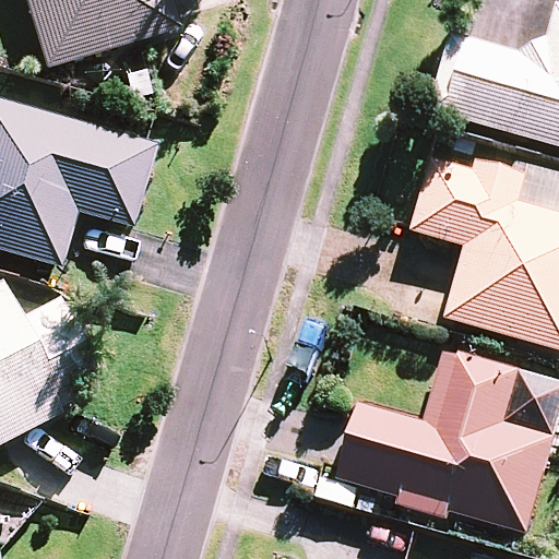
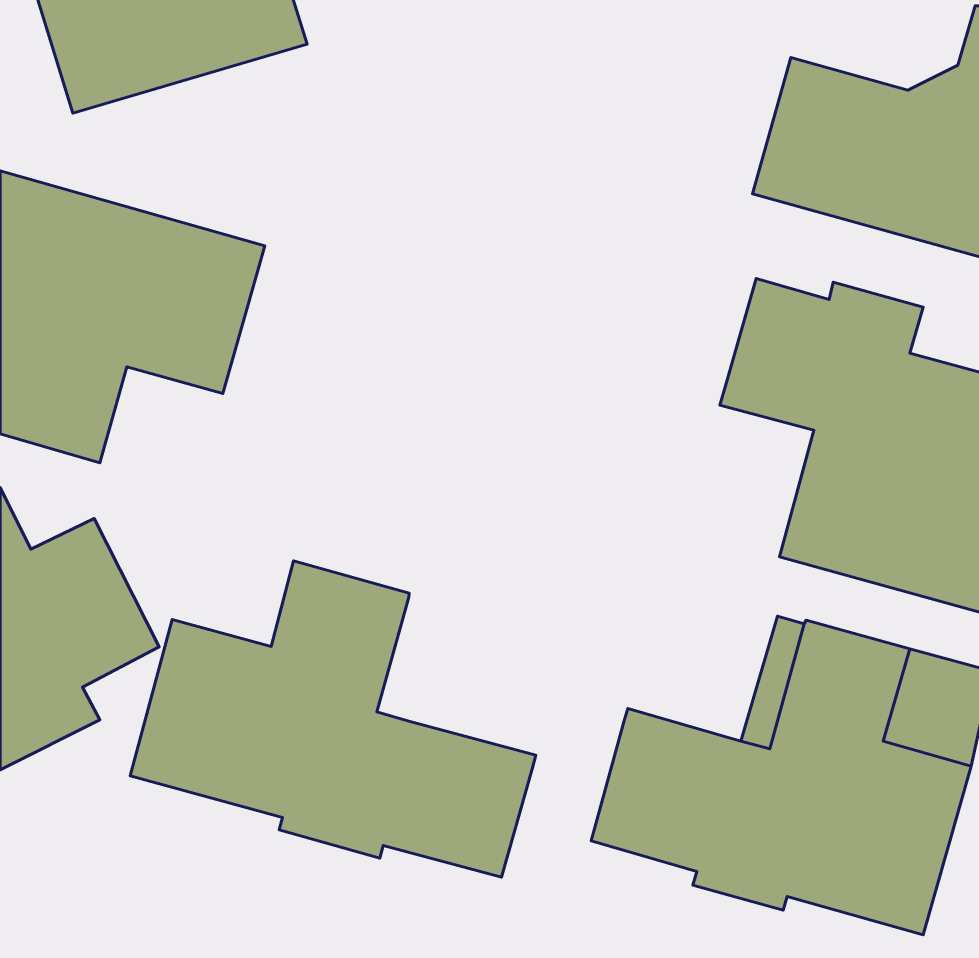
building: none -> [130,561,536,877]

